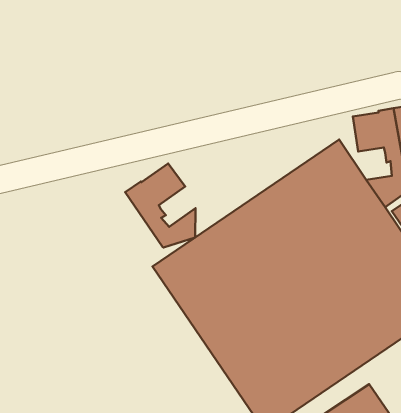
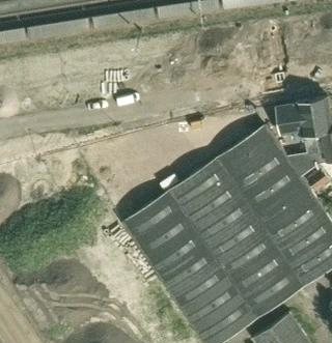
building: [125,164,196,248] -> none

